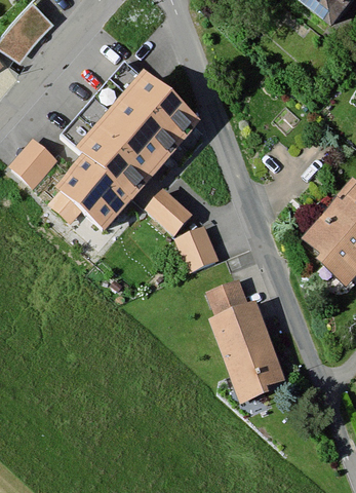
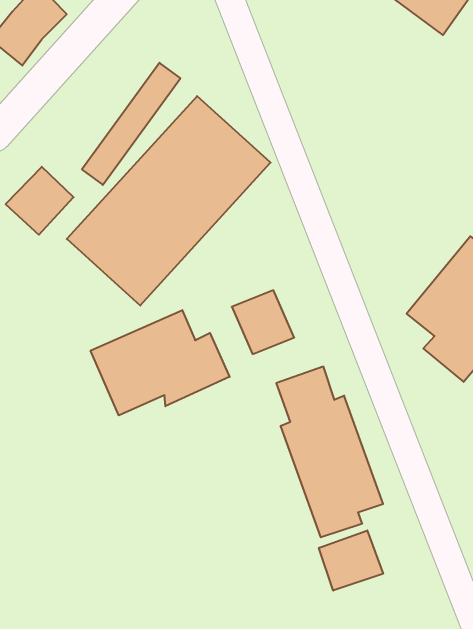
building: [145,190,189,233] -> none
building: none -> [91,310,230,415]
building: none -> [319,530,383,591]

